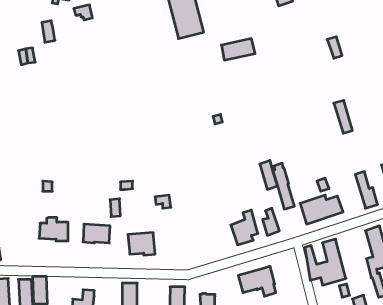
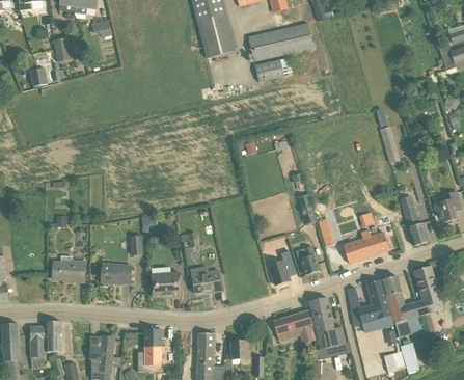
building: none -> [248,23,313,61]
building: none -> [192,270,221,293]
building: none -> [383,275,421,335]
building: none -> [309,296,345,348]

